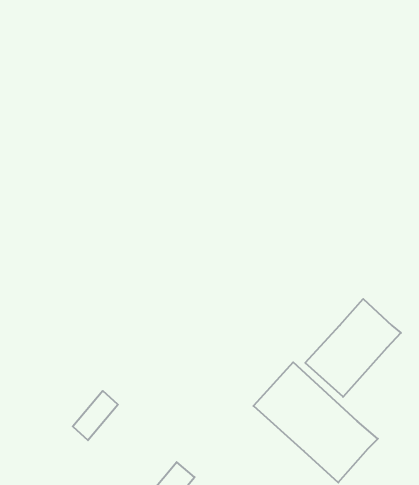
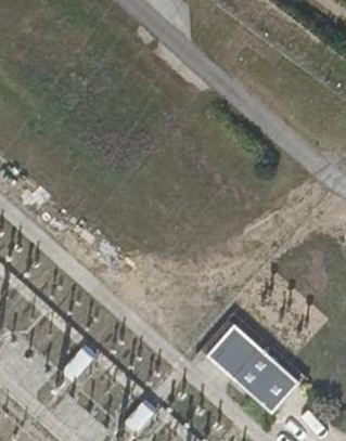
building: [305,299,401,397] -> none

